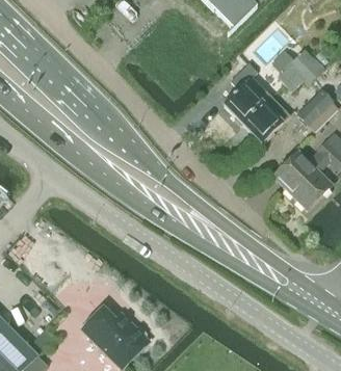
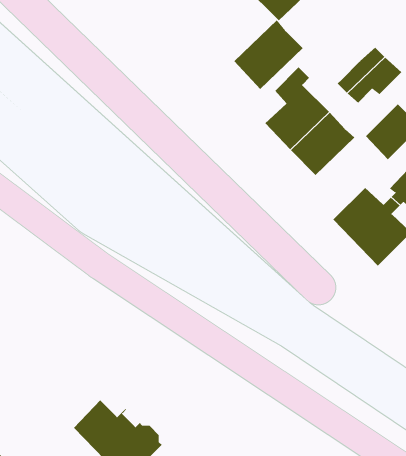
building: none -> [234,19,304,90]

